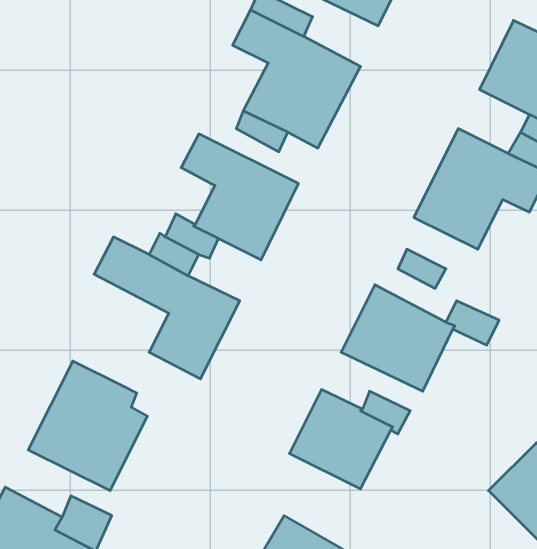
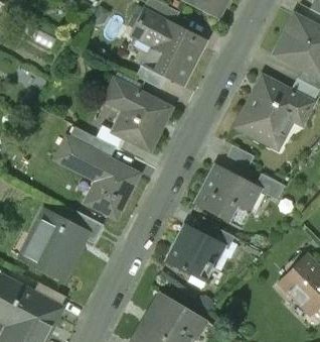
building: none -> [71,211,103,243]

